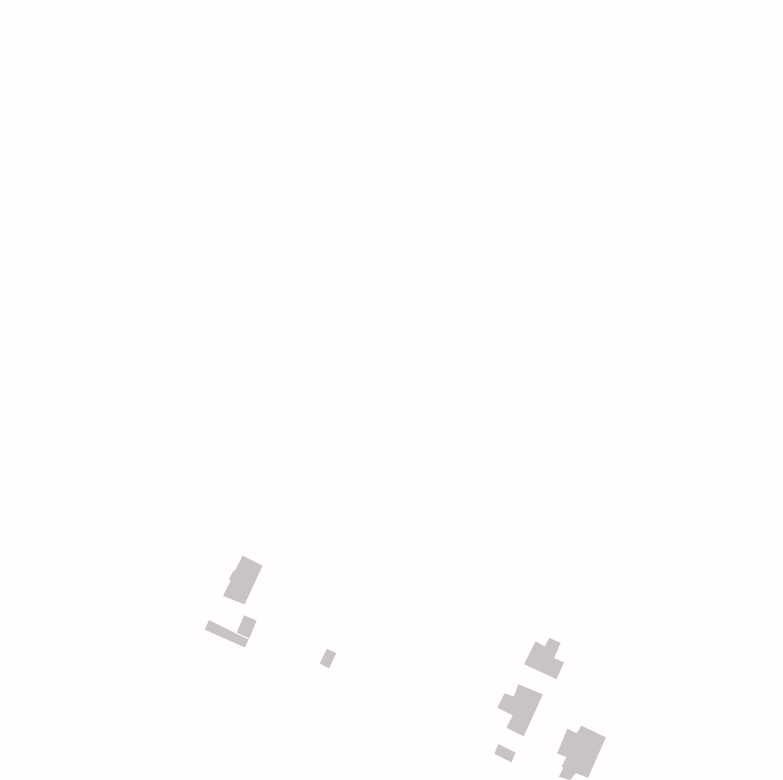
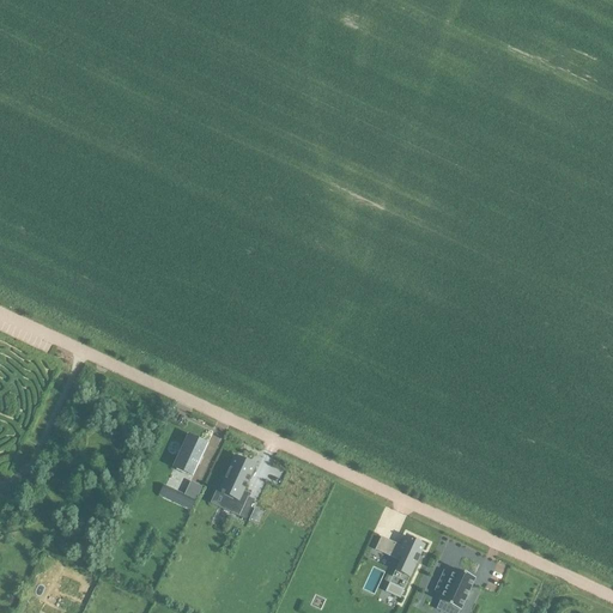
building: none -> [217,455,254,515]
building: [523,637,565,680] -> none

